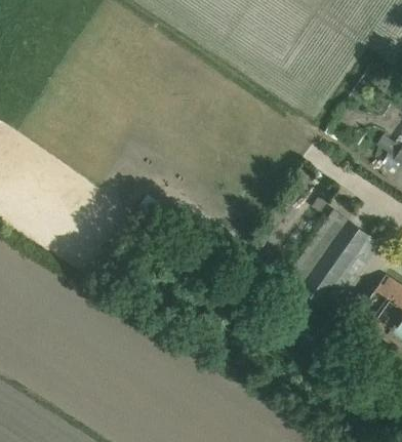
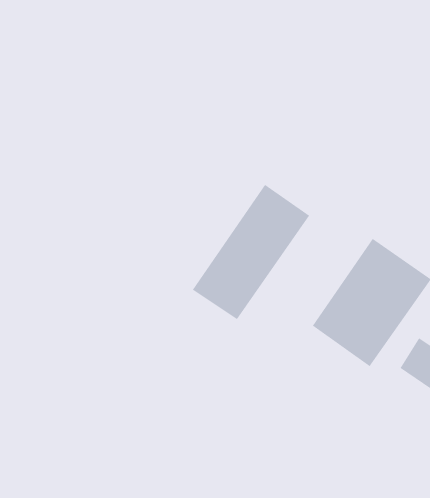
building: none -> [192,184,310,320]

